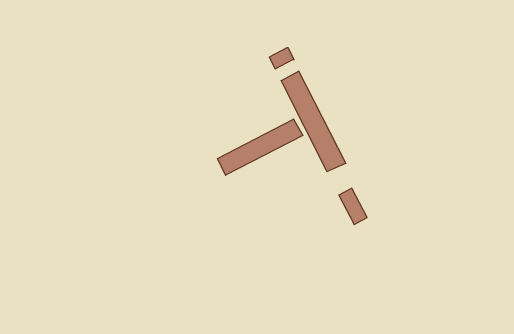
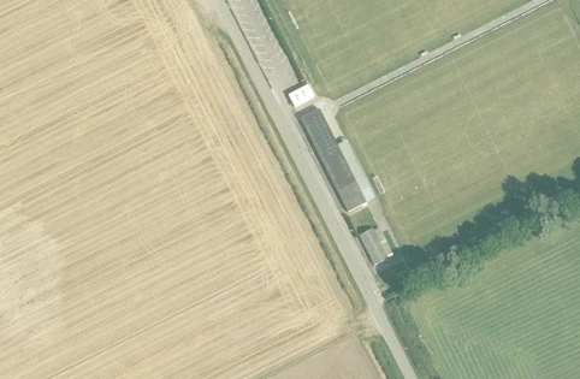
building: [217,119,303,175] -> none

